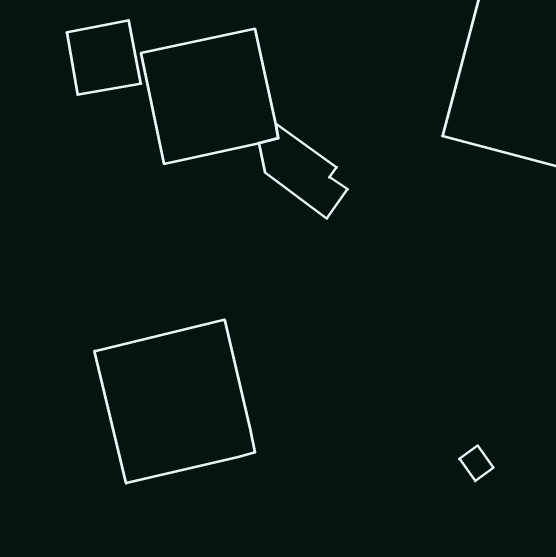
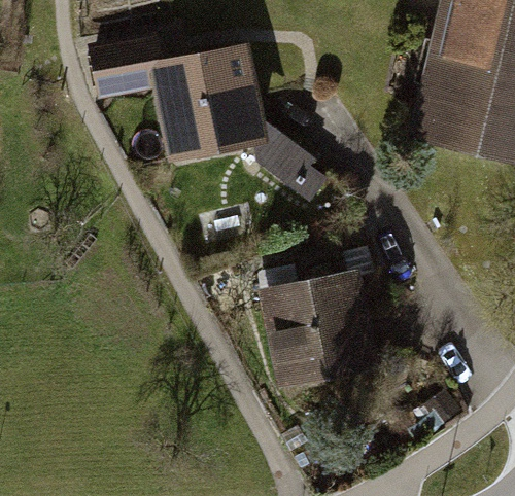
building: none -> [260,267,381,386]
building: [95,320,255,483] -> none

